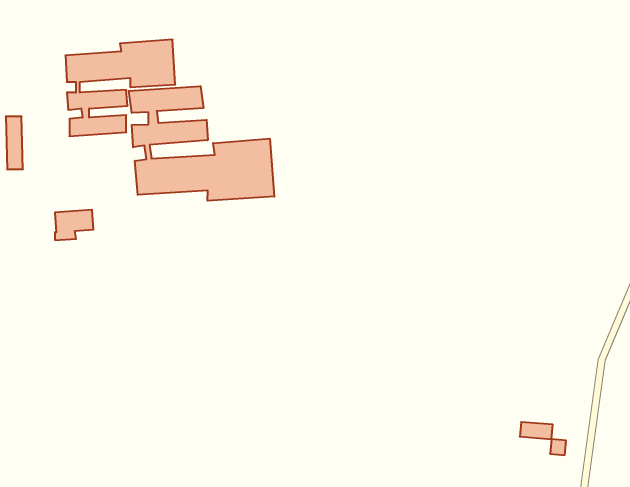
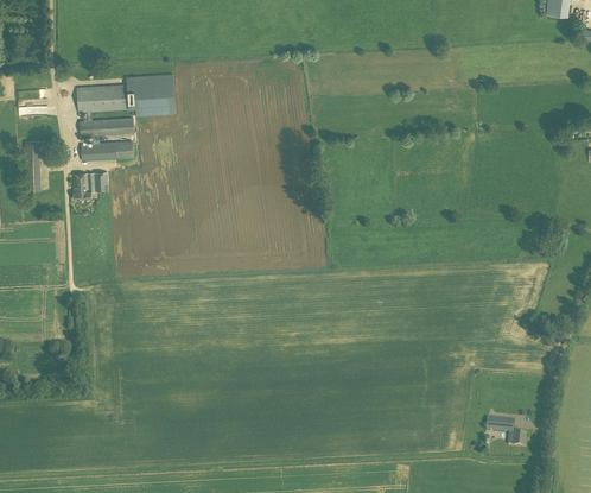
building: [129,86,274,201] -> none
building: [55,210,93,240] -> [72,171,107,198]

